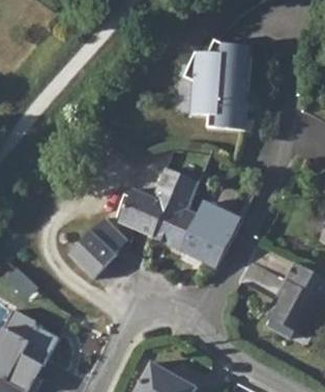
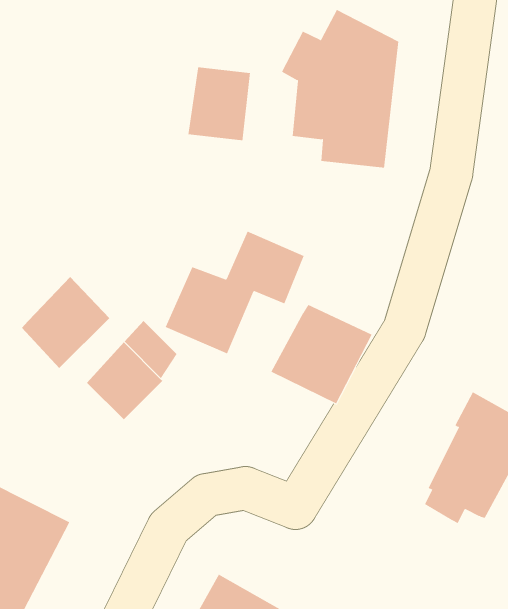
building: none -> [188,67,250,141]
building: none -> [21,276,110,369]
building: [153,201,197,247] -> none

